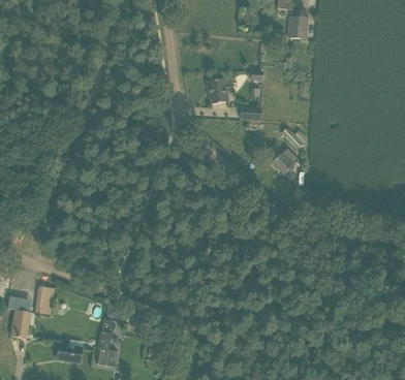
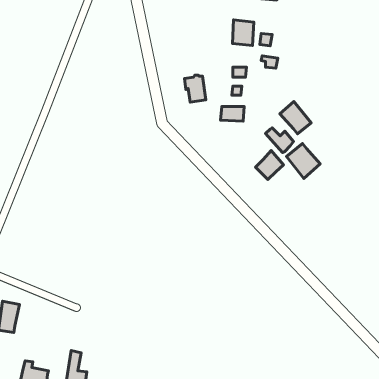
building: [287,14,307,38] -> [232,20,254,46]
building: none -> [280,102,311,134]
building: none -> [287,144,320,178]

